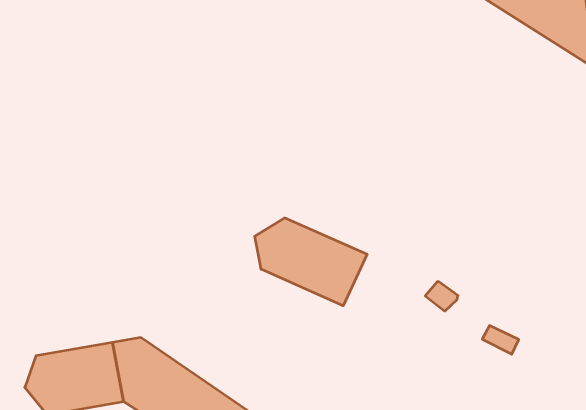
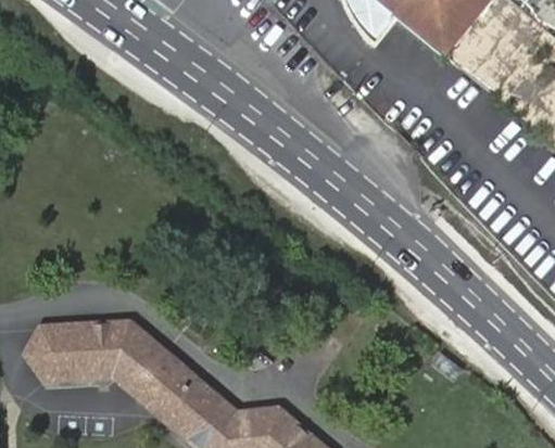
building: [255,218,367,306] -> none

